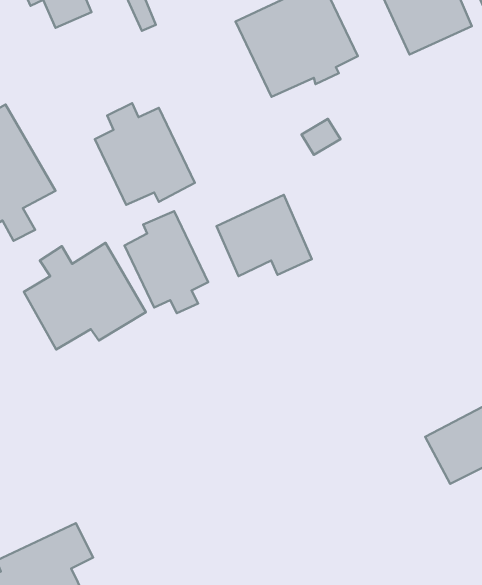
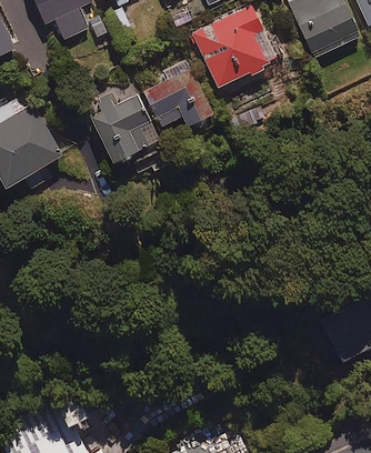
building: [216,195,312,276] -> [143,69,211,127]
building: [124,211,208,313] -> none
building: [24,243,146,350] -> none

